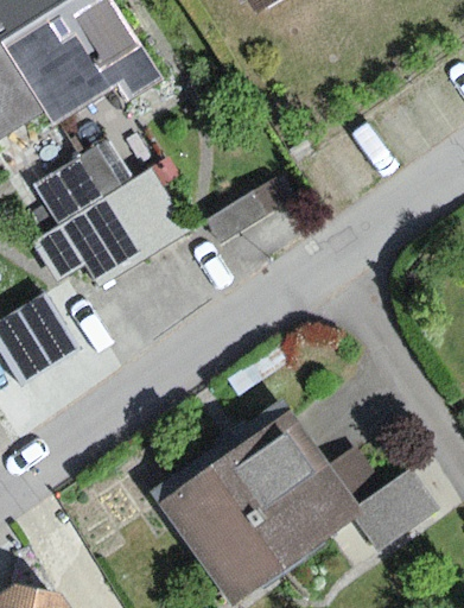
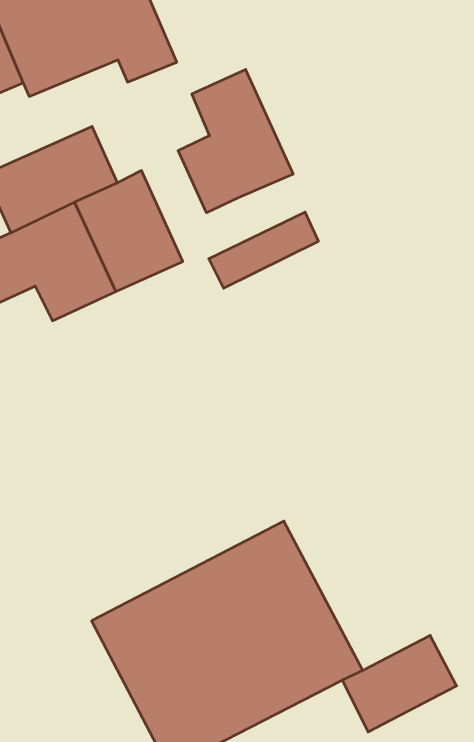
building: none -> [178,69,293,213]

